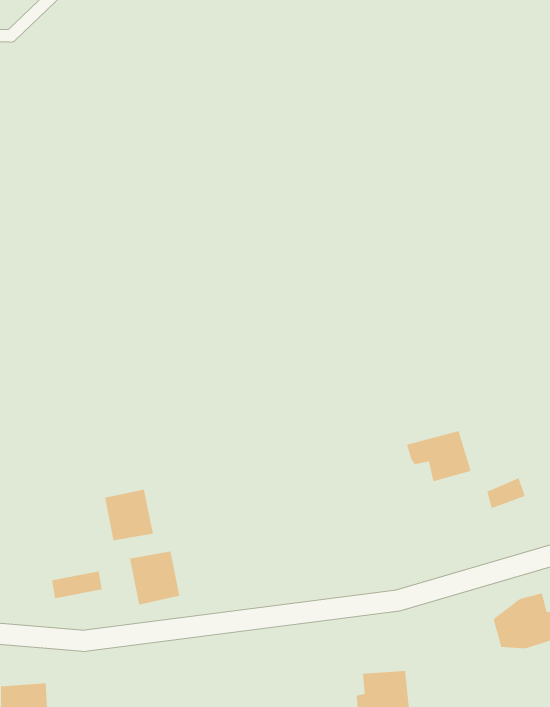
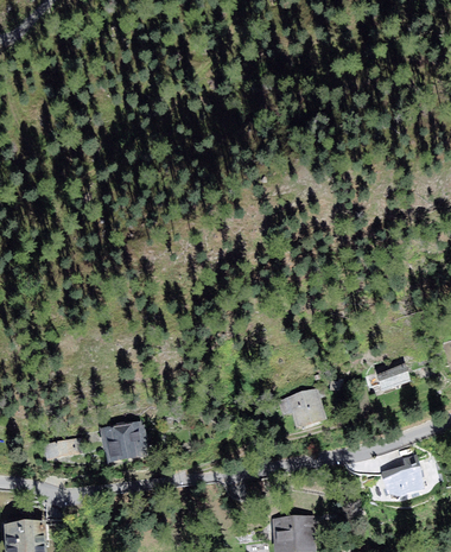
building: [406,431,472,482] -> [274,387,324,426]
building: [105,489,153,541] -> none

